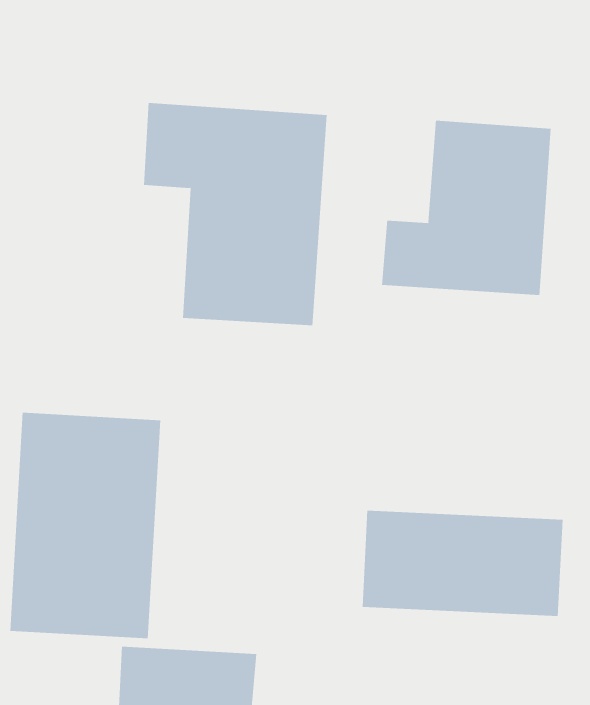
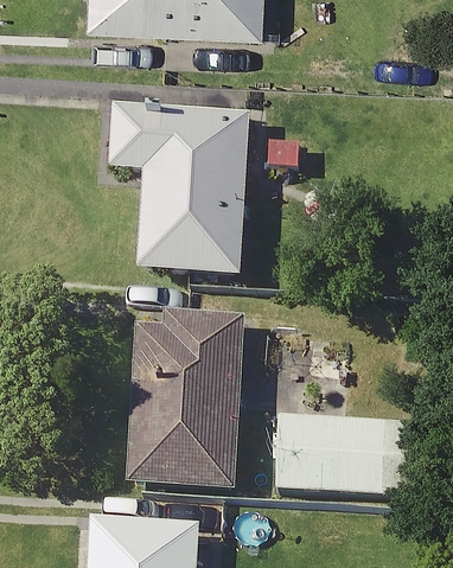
building: [382,120,551,296] -> none
building: [9,412,161,639] -> [127,313,242,485]

